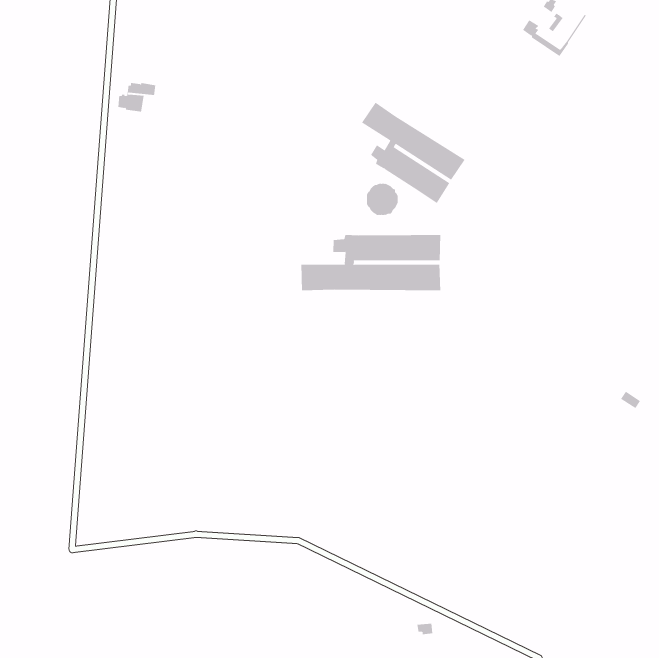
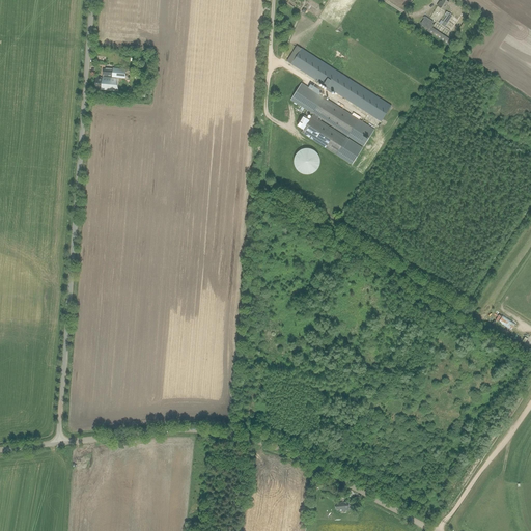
building: none -> [291,48,391,120]
building: [301,234,441,291] -> none

